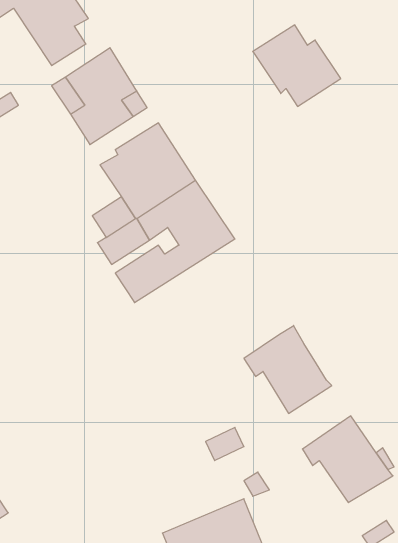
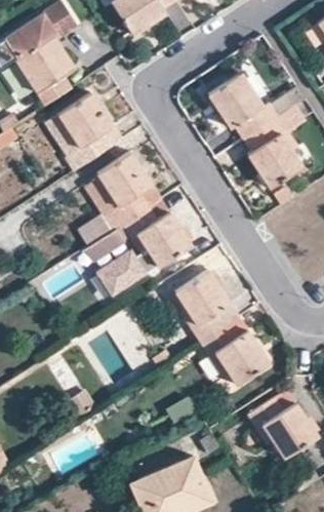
building: none -> [242,105,305,189]
building: none -> [173,269,238,342]

